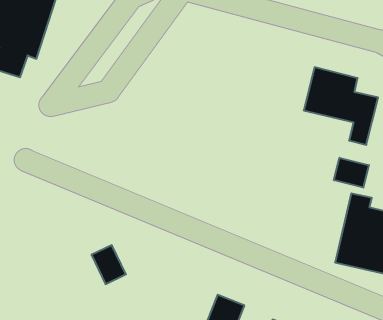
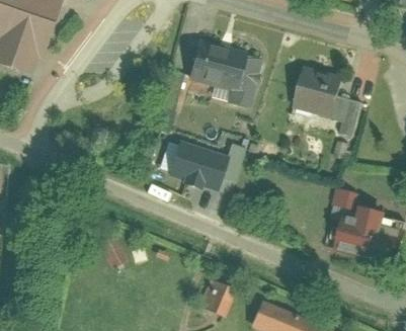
building: none -> [187,37,264,112]
building: none -> [162,141,243,195]
building: [334,158,369,188] -> none

